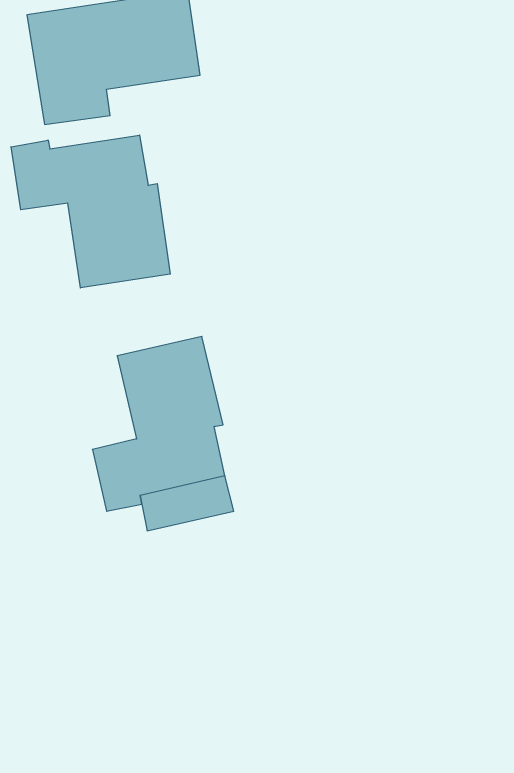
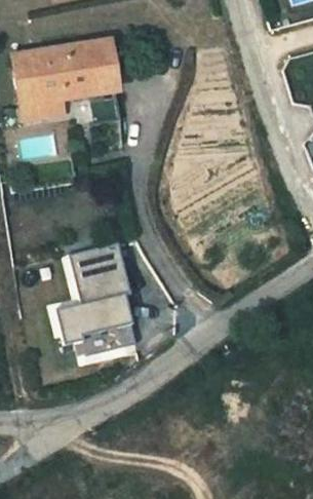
building: [11,135,170,288] -> none

